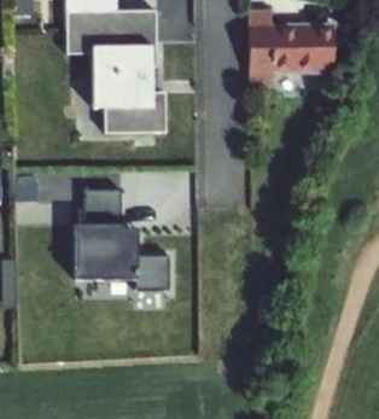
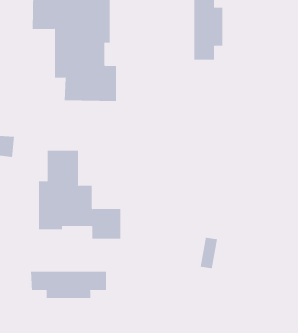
building: [285,25,337,70] -> none
building: none -> [30,271,106,299]

